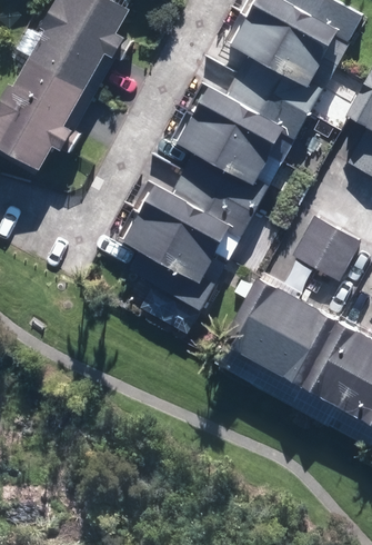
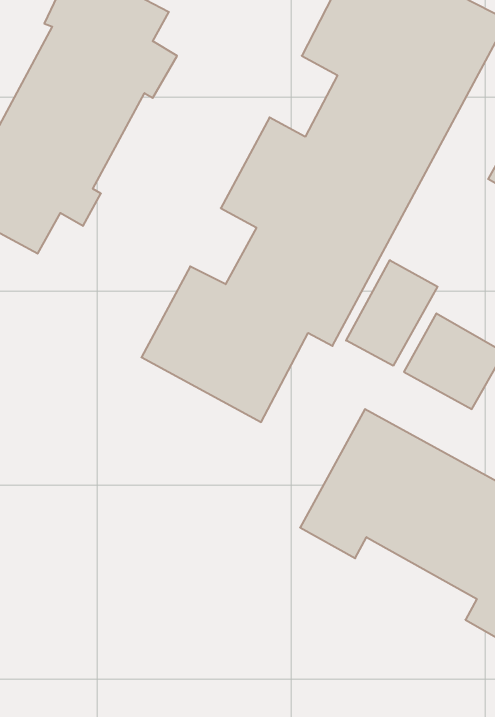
building: none -> [346,260,438,366]

